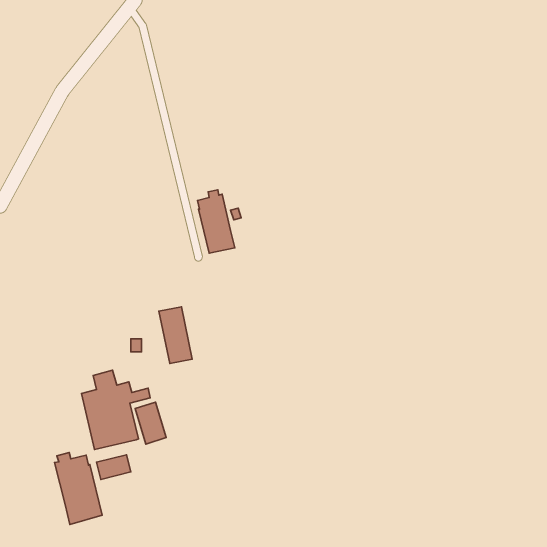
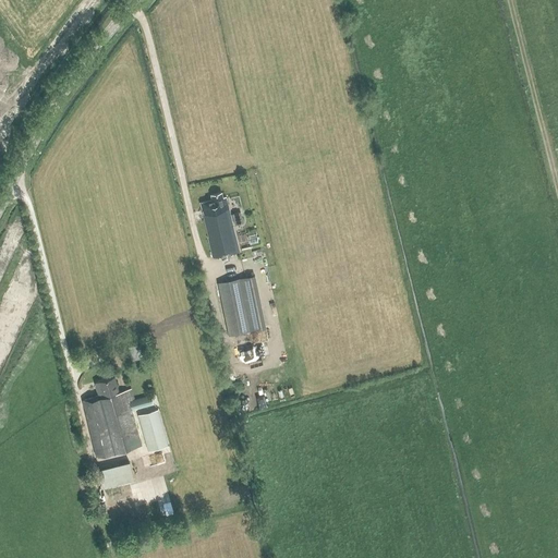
building: [159,307,192,364] -> [218,279,252,337]
building: [54,453,102,524] -> none

